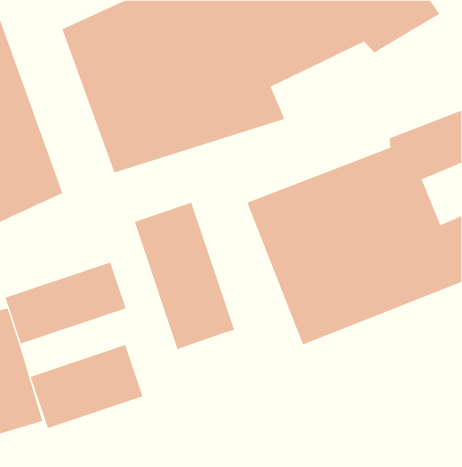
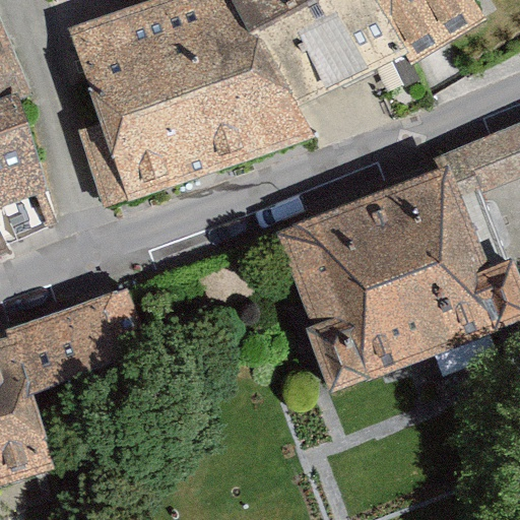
building: [134,202,235,350] -> none
building: [30,344,143,429] -> none

